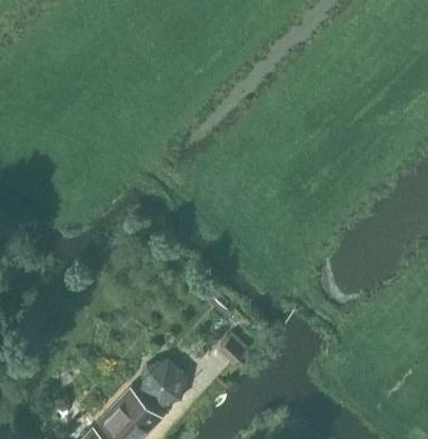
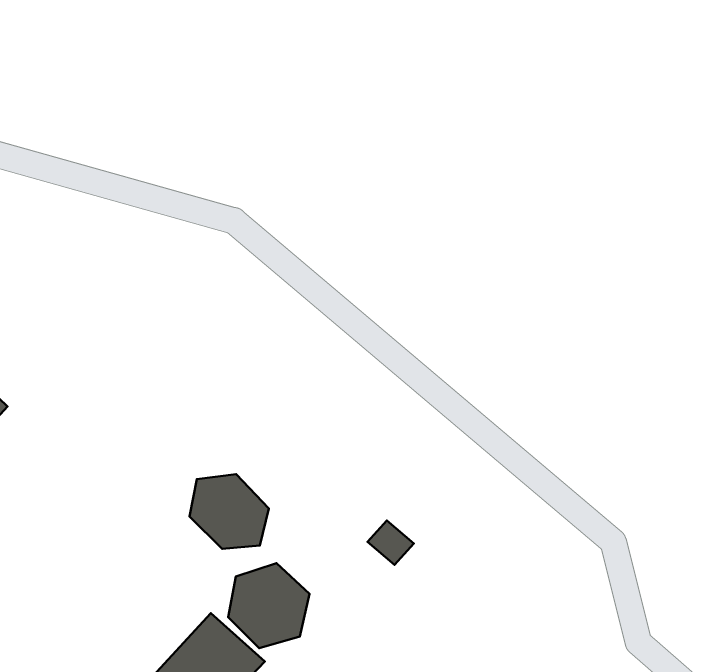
building: none -> [190,474,269,549]

